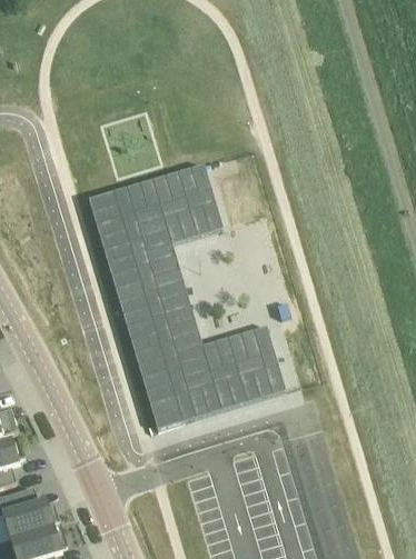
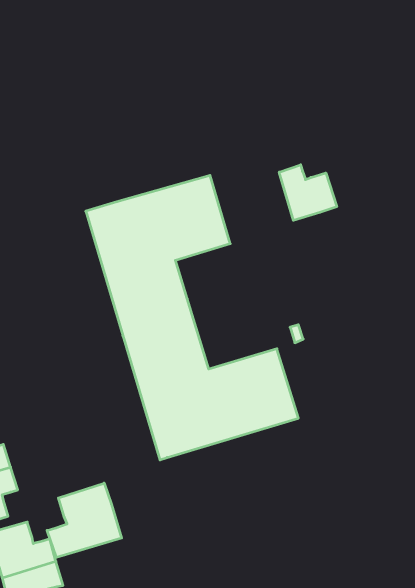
building: none -> [279,165,337,220]
building: none -> [47,483,122,557]

